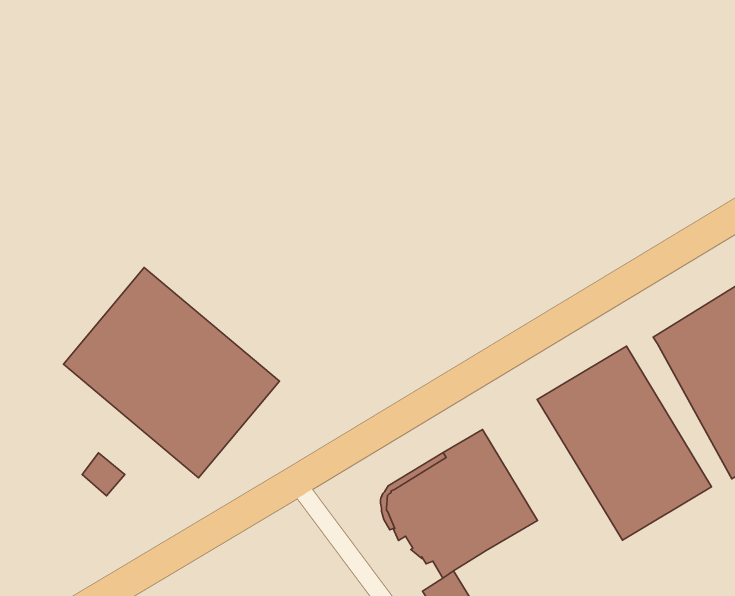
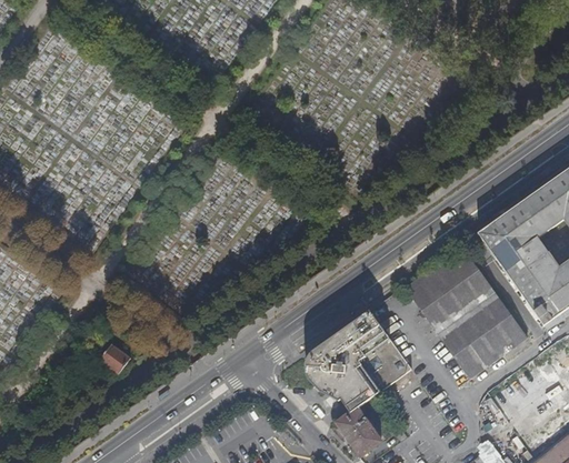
building: [63,267,279,478] -> none

